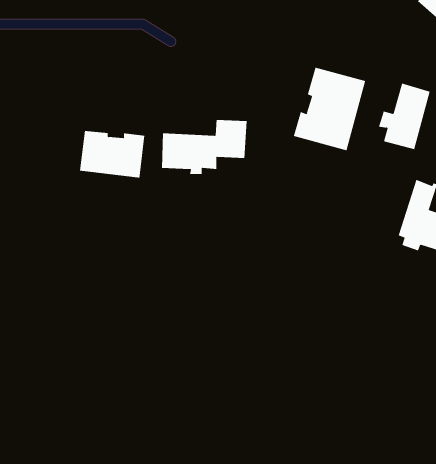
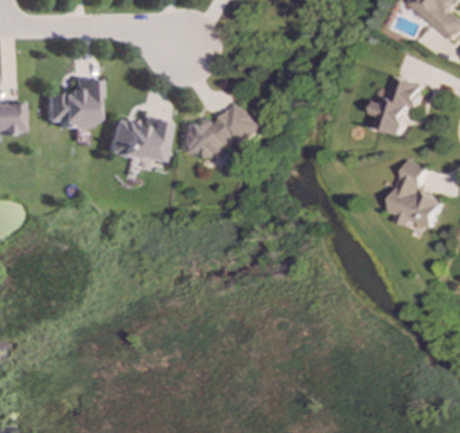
building: [293,67,366,151] -> none
building: none -> [46,79,100,126]

